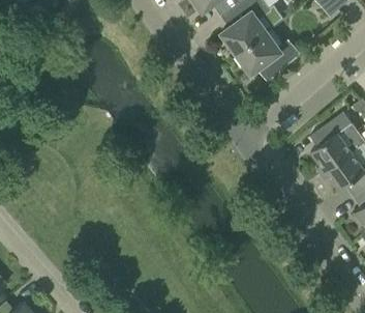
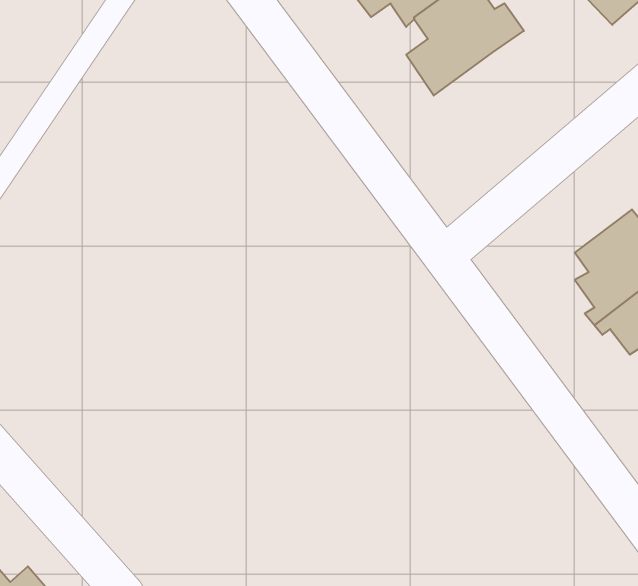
building: [236,30,297,78] -> none

